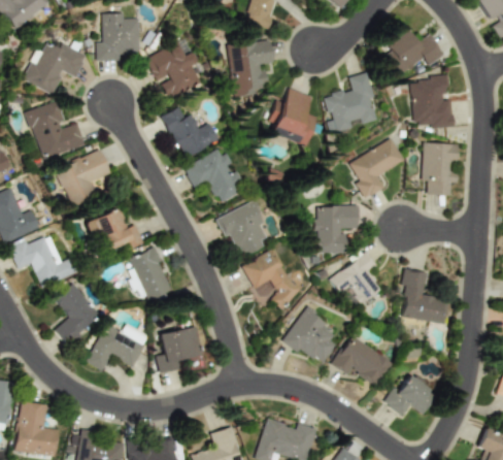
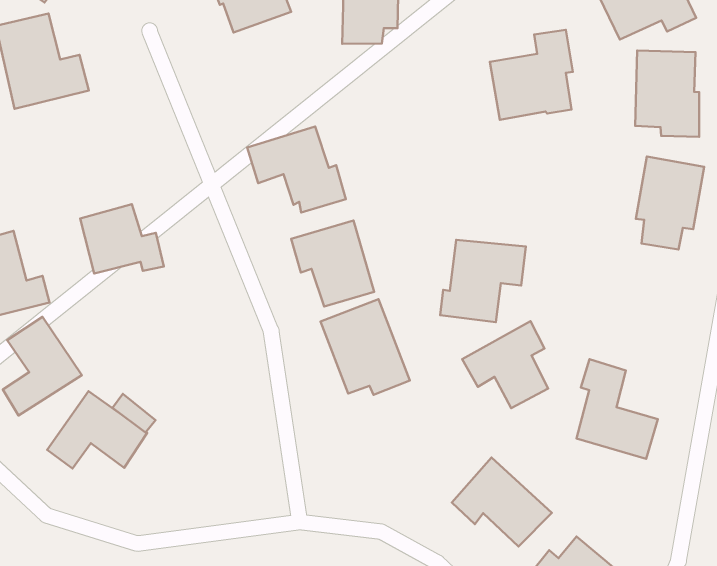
building: [268,88,316,145] -> none
building: [163,106,220,158] -> none
building: [349,139,405,198] -> none
building: [55,150,110,206] -> none
building: [131,248,173,300] -> none
building: [283,308,342,363] -> none
building: [157,326,202,373] -> none

